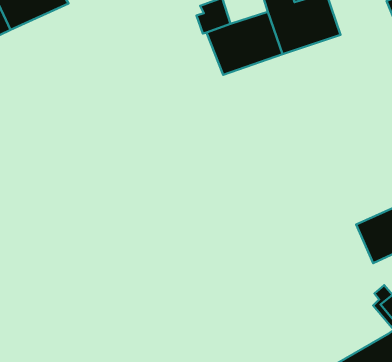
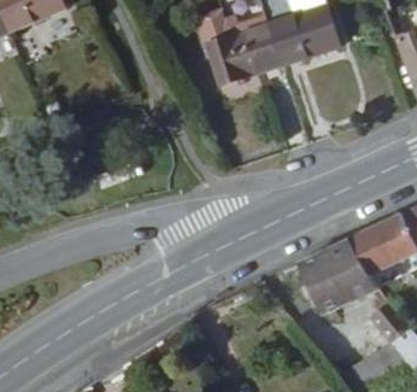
building: none -> [298,233,380,311]

